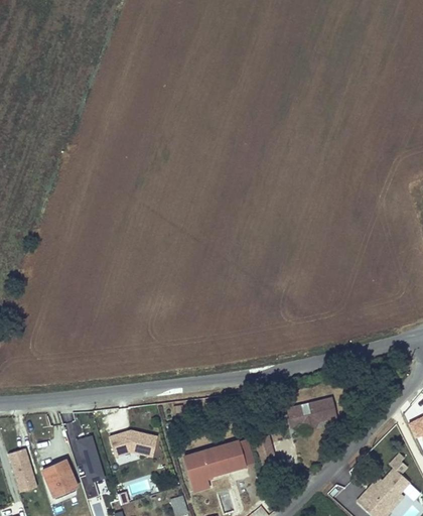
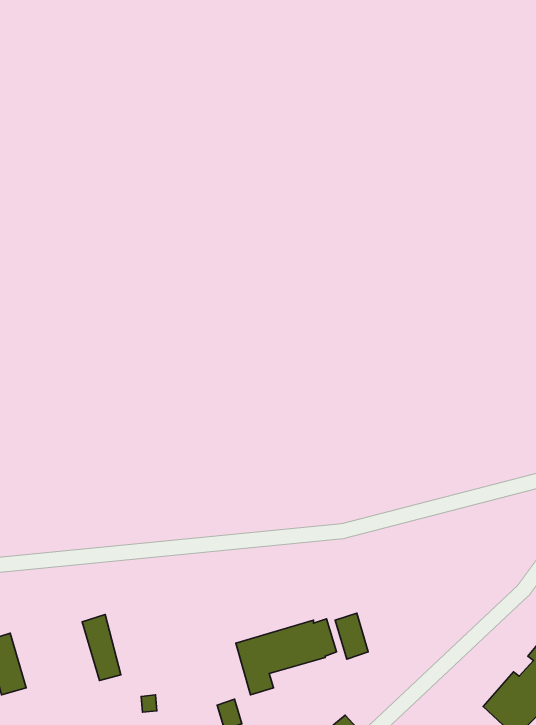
building: [287,398,337,430] -> none
building: [109,429,156,457] -> none
building: [40,459,79,497] -> none

